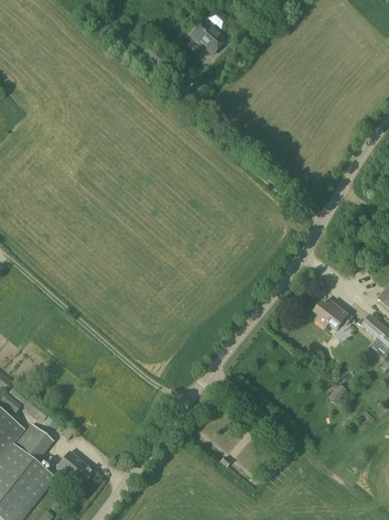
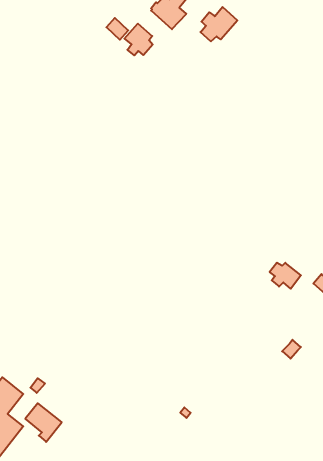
building: none -> [200,7,237,41]
building: none -> [124,24,153,55]

